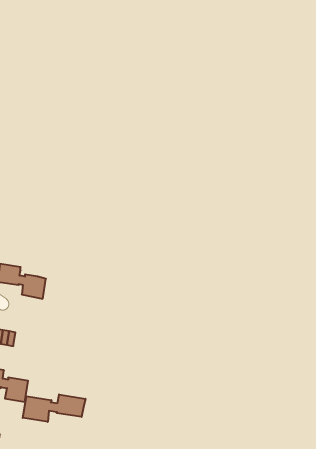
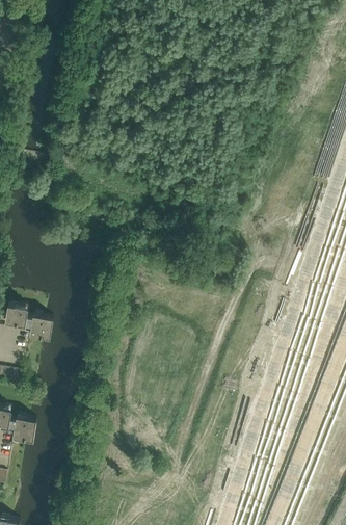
building: [23,394,85,422] -> none

